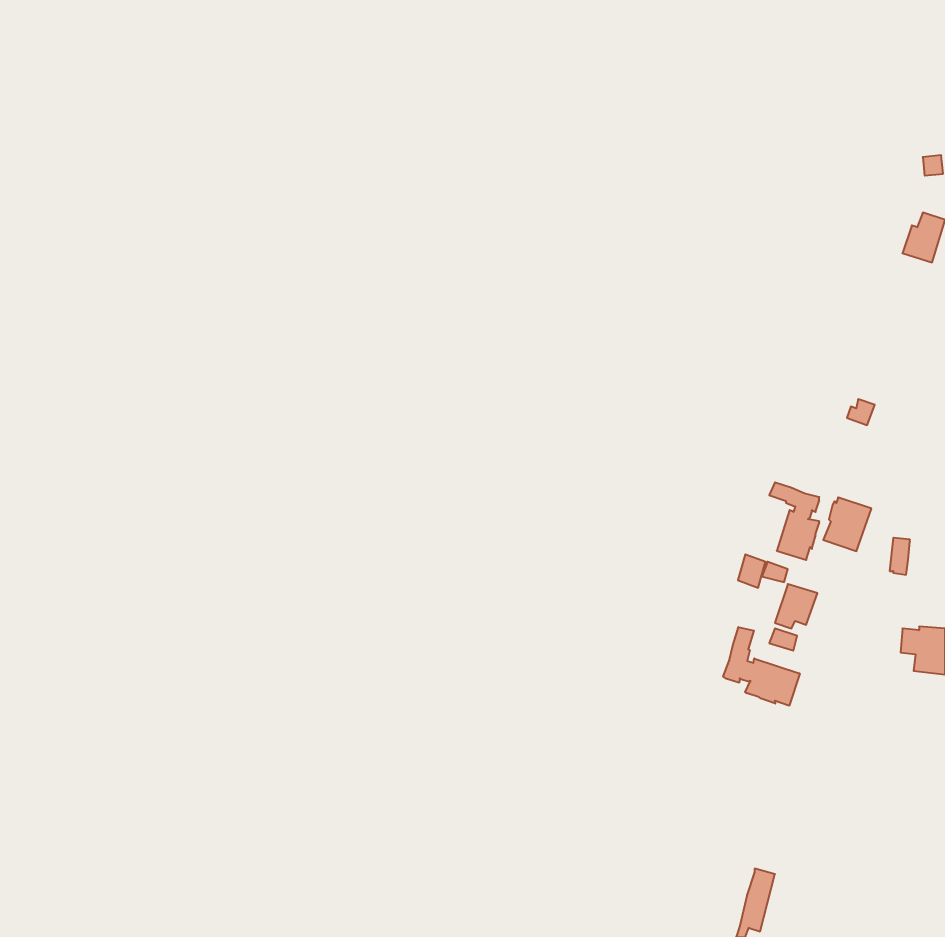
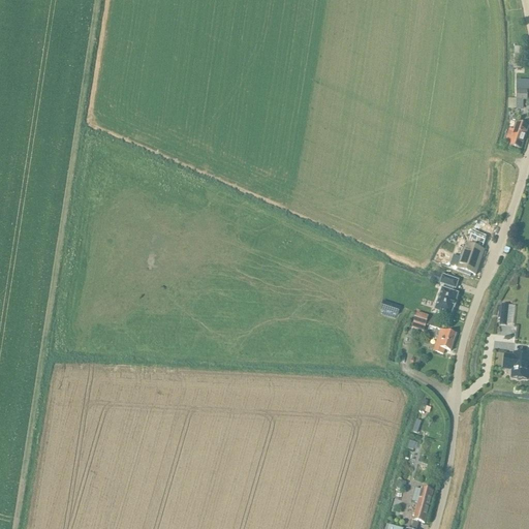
building: [823,497,871,551] -> [457,242,484,272]
building: [723,627,800,706] -> none

